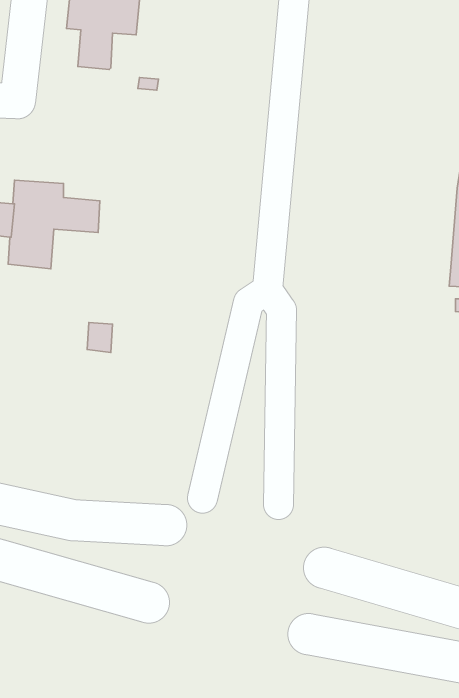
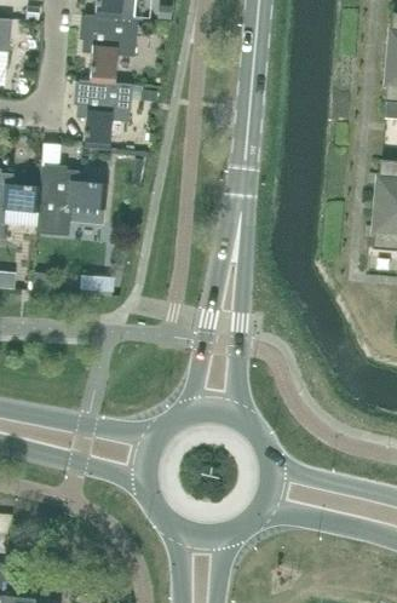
building: none -> [75,80,131,149]

